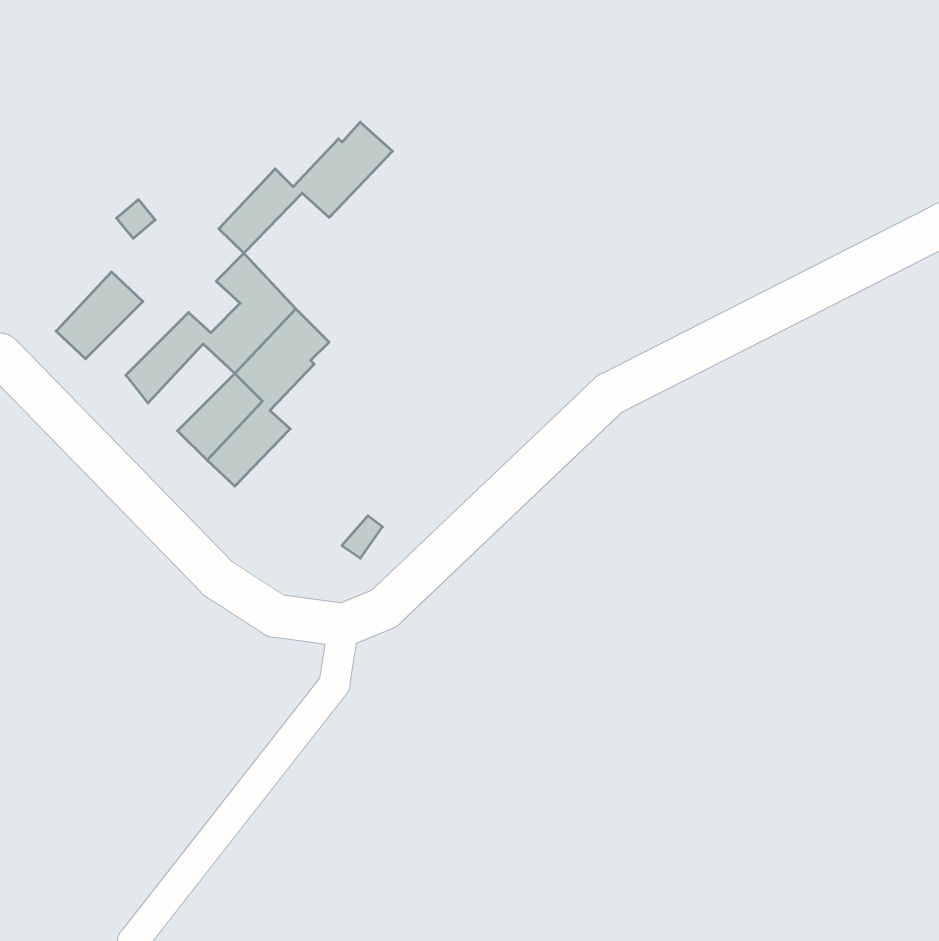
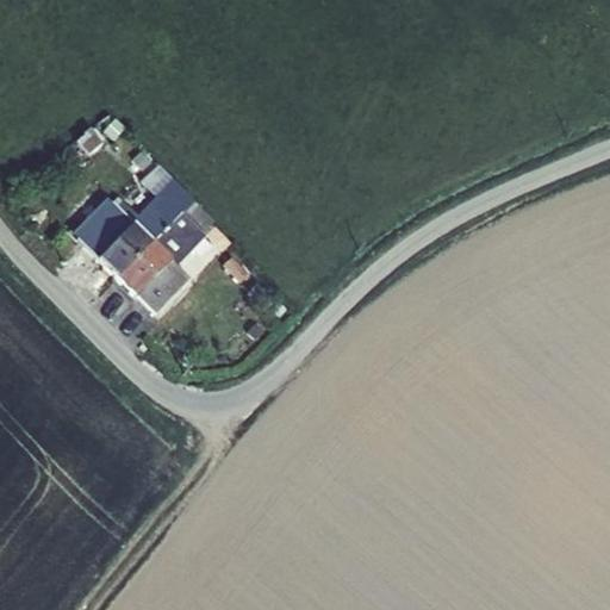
building: [219,122,393,253] -> none
building: [56,272,143,359] -> [99,222,155,278]

